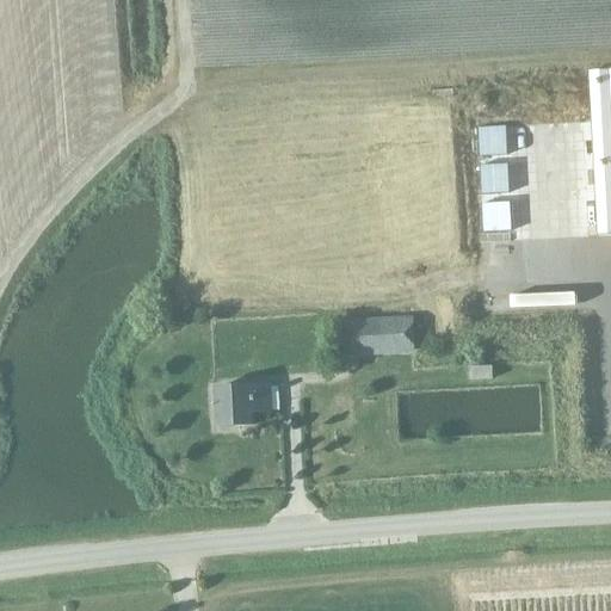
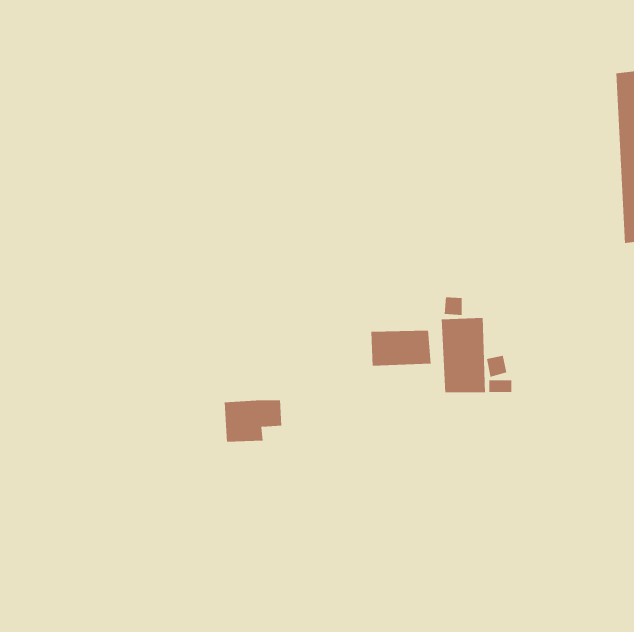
building: none -> [441,317,486,393]

